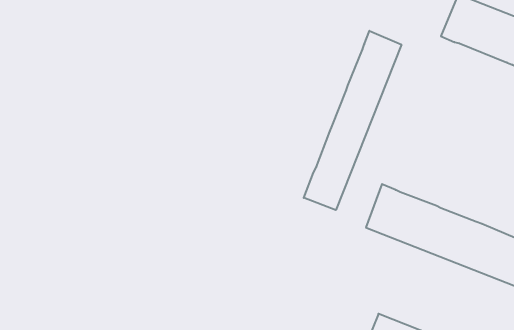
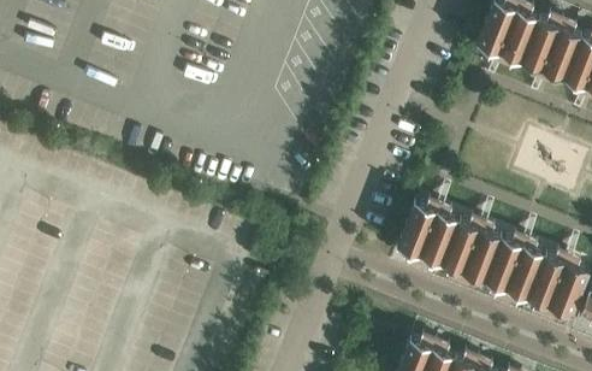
building: [304,31,401,210] -> none

